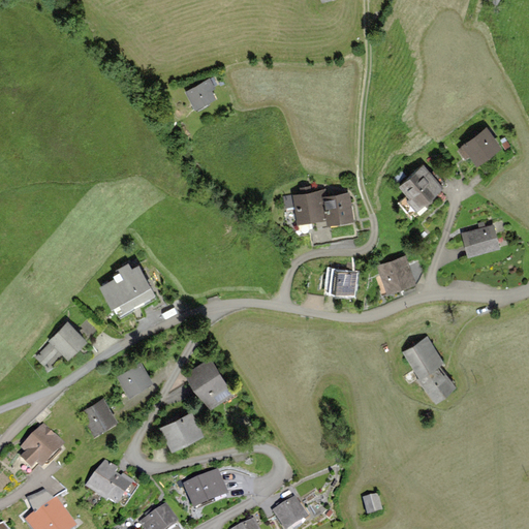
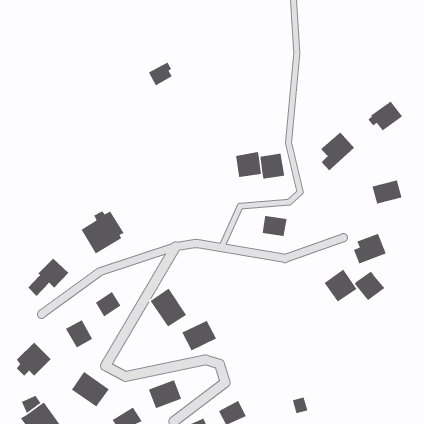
building: [372,256,414,295] -> [353,233,387,265]
building: [417,364,457,402] -> [354,271,385,301]
building: [158,411,203,450] -> [181,320,217,351]

